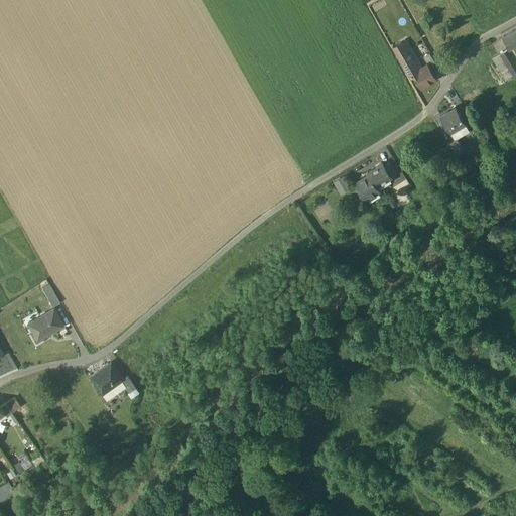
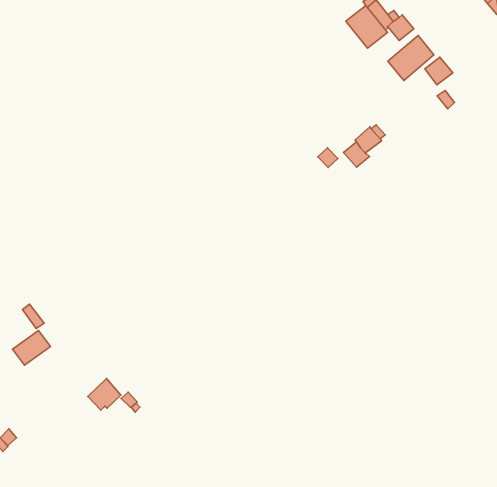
building: none -> [346,6,387,48]
building: none -> [388,36,434,80]

